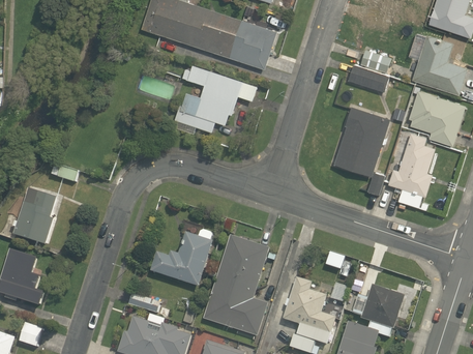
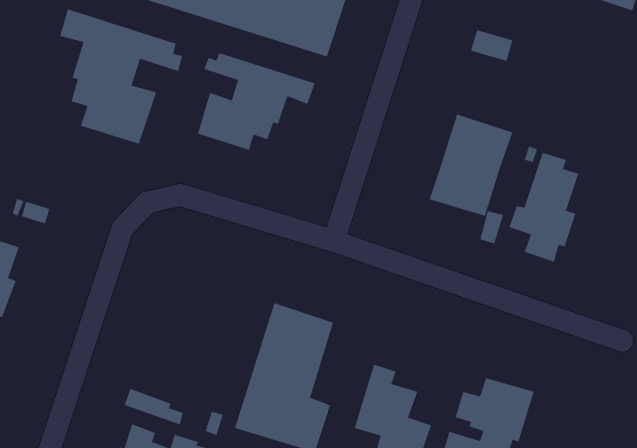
building: [412,34,467,95] -> none
building: none -> [59,8,183,145]
building: [348,65,387,91] -> none
building: [408,90,464,145] -> none
building: [149,230,212,287] -> none

